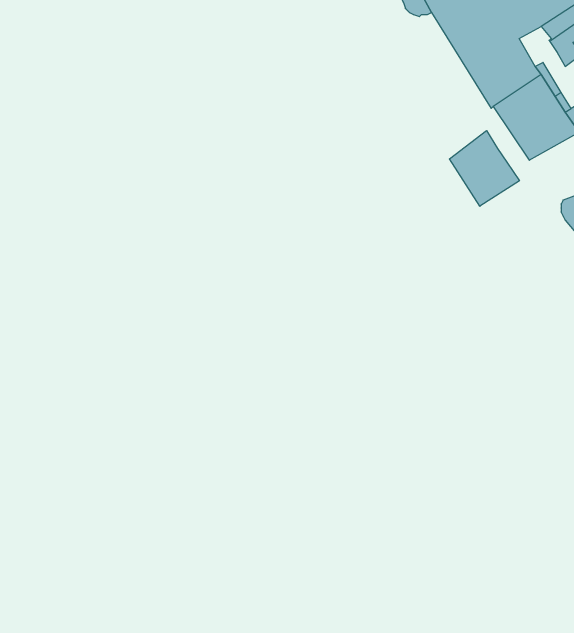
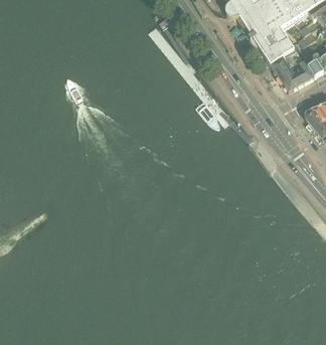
building: [449,131,519,206] -> none

